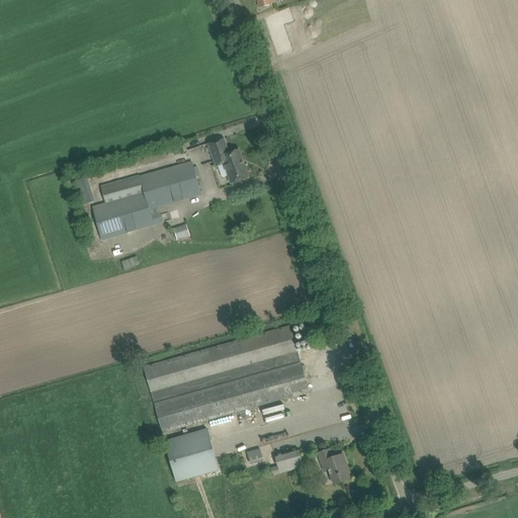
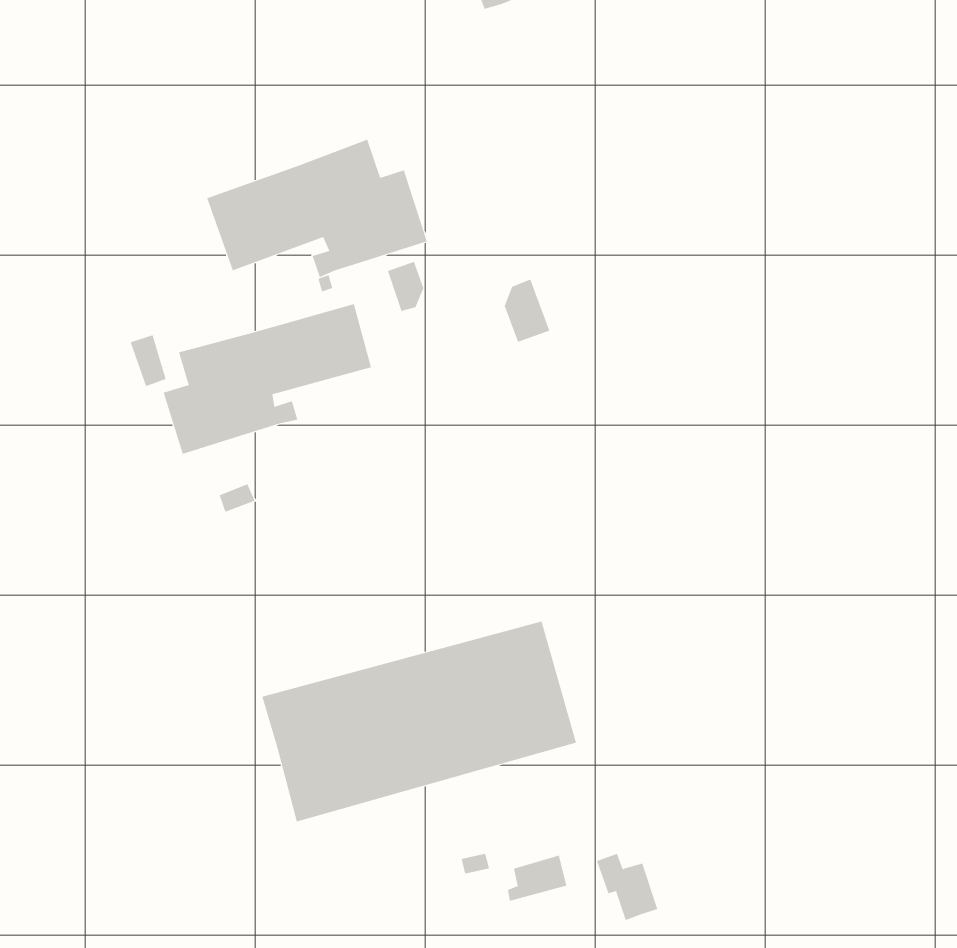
building: none -> [207,139,427,278]
building: [224,148,248,181] -> [504,279,550,343]
building: [164,427,219,481] -> none

